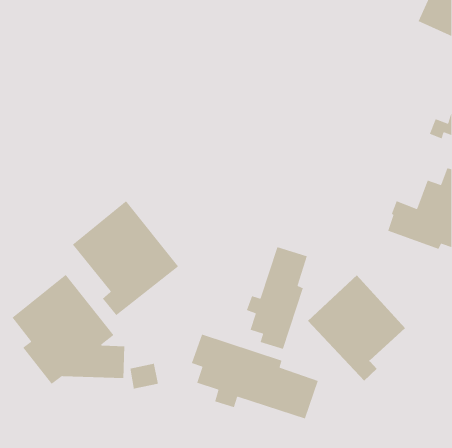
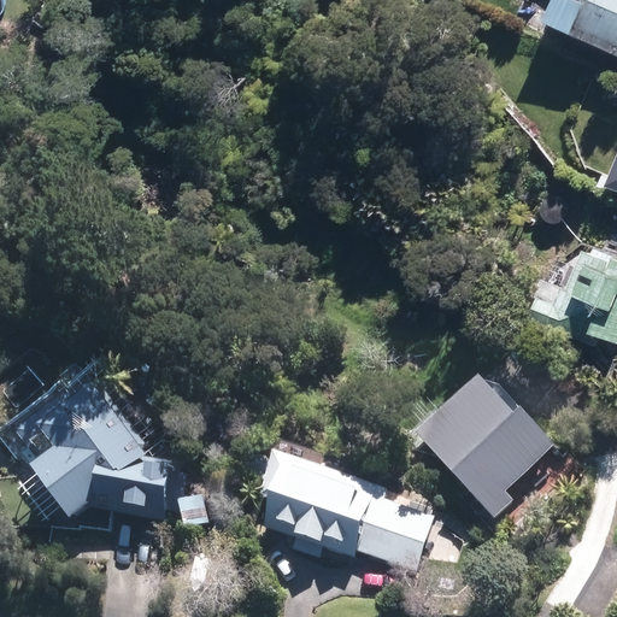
building: [72,200,179,316] -> none
building: [246,246,308,350] -> none

